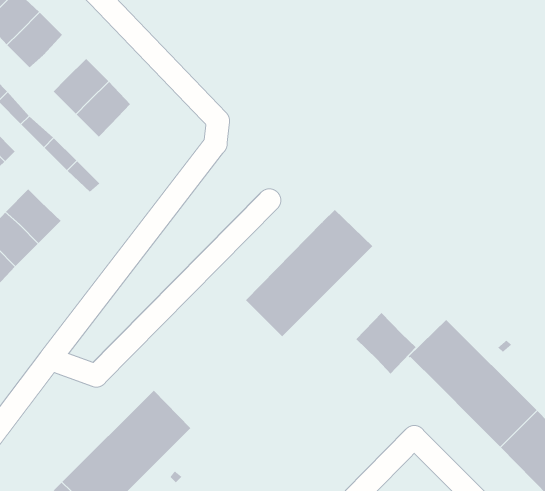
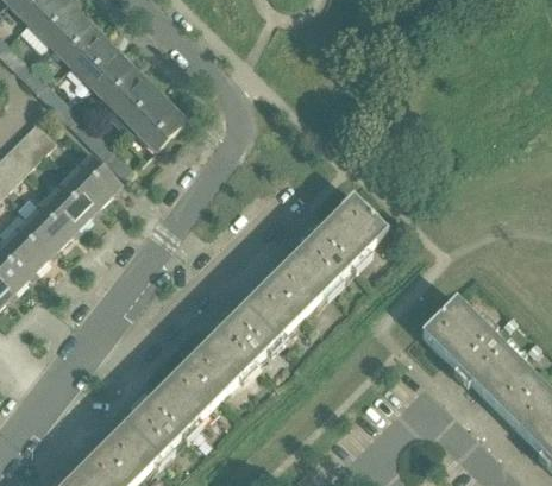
building: none -> [69,33,121,86]
building: none -> [133,97,186,150]
building: none -> [68,153,121,206]
building: none -> [184,279,303,398]
building: [355,312,417,374] -> none

